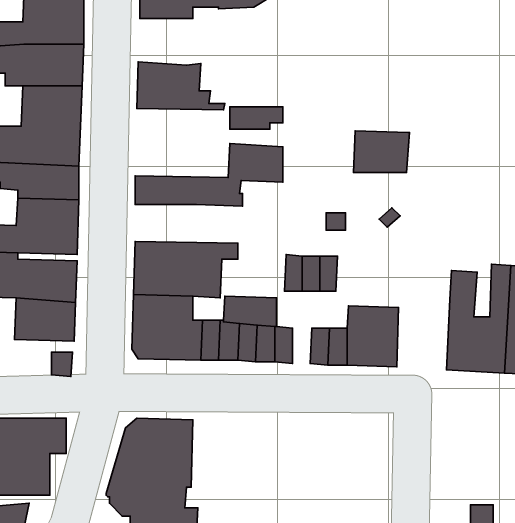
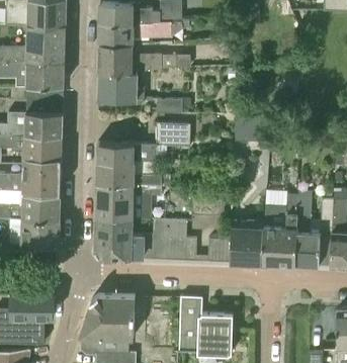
building: none -> [99,43,162,73]
building: none -> [97,161,170,185]
building: none -> [262,194,296,265]
building: none -> [179,296,233,354]

